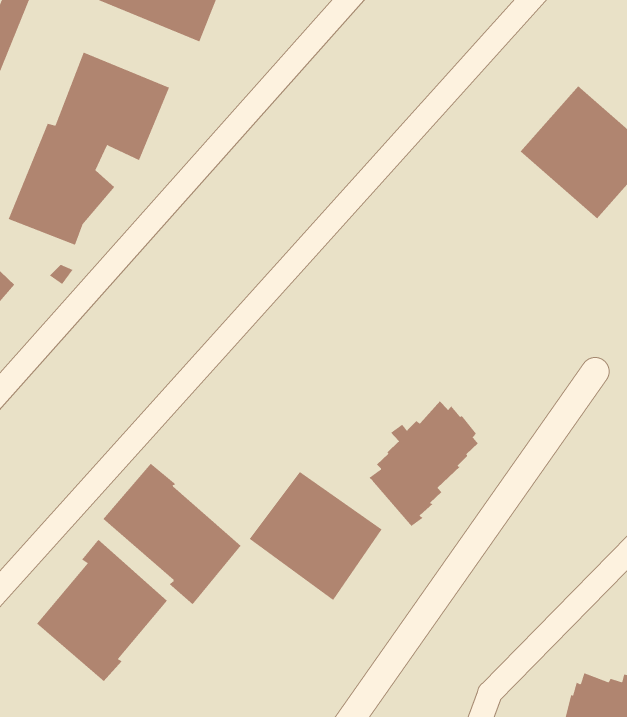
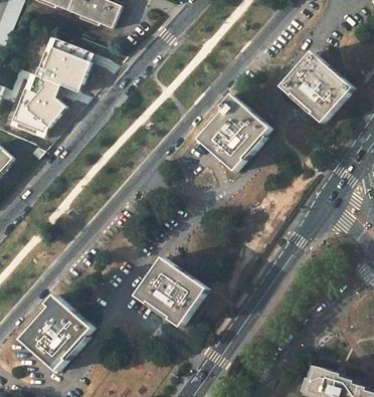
building: none -> [197,94,269,171]
building: [368,401,478,527] -> none
building: [103,463,241,605] -> none

